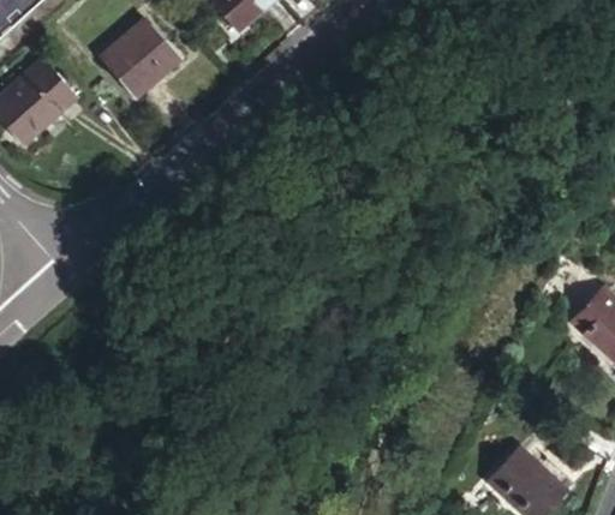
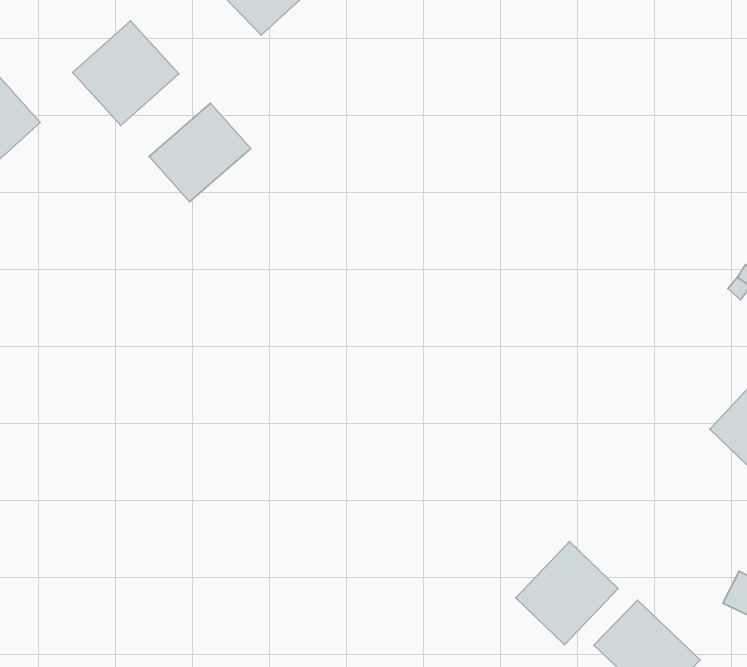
building: none -> [149,103,251,202]
building: none -> [516,541,618,645]

